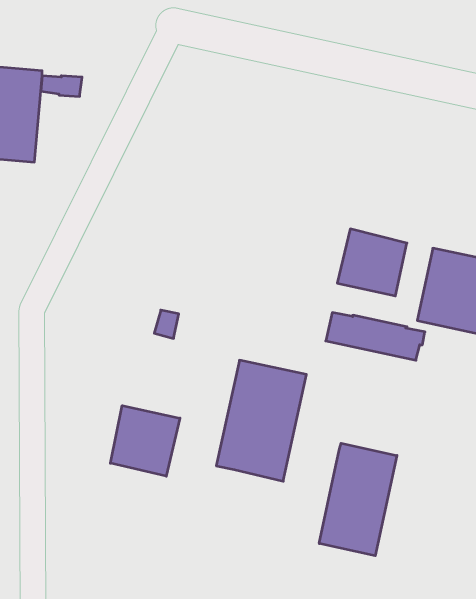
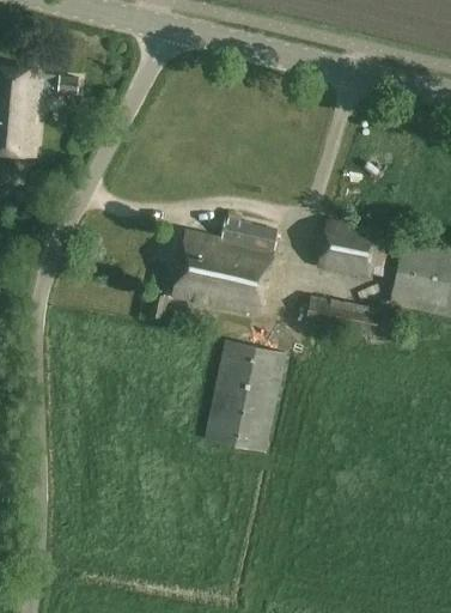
building: none -> [173,220,278,314]
building: [110,406,180,476] -> none
building: [319,443,397,556] -> none

